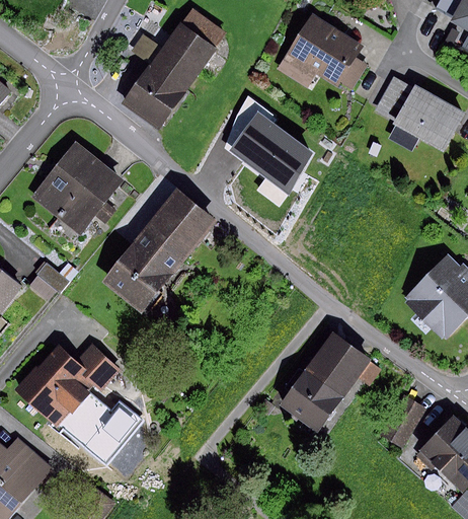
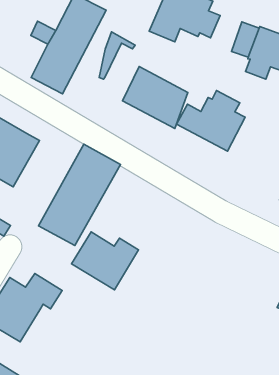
building: [224,93,275,150] -> [99,32,135,79]
building: none -> [176,91,245,151]
building: [280,332,382,433] -> none
building: [58,388,143,464] -> [72,232,139,290]

